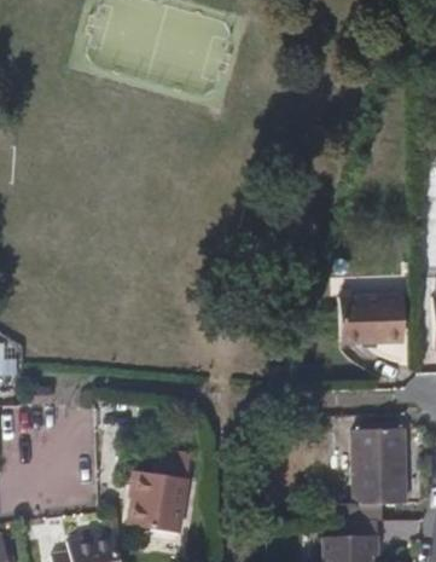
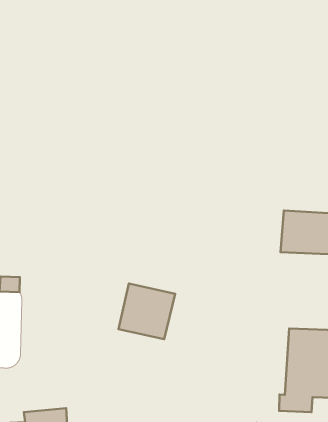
building: [126,477,186,537] -> [119,284,175,339]

